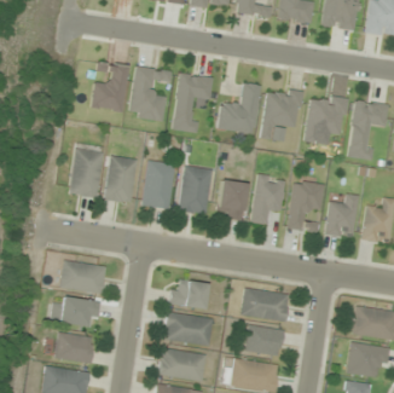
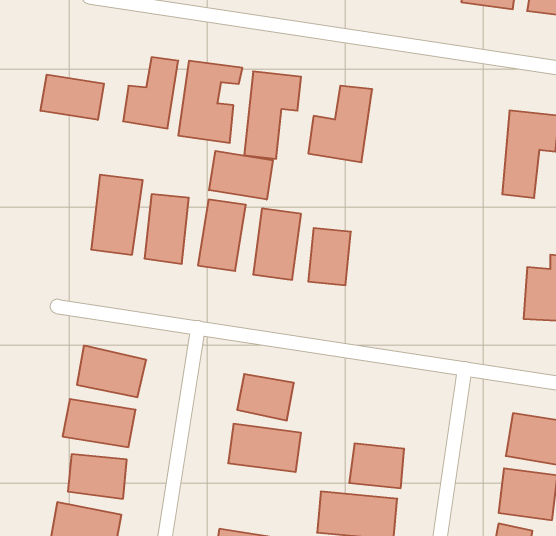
building: none -> [41,75,104,120]
building: [261,87,302,138] -> none
building: [306,94,348,141] -> none
building: none -> [209,151,273,200]
building: [253,174,284,224] -> none
building: [288,179,324,231] -> none
building: [325,192,360,238] -> none
building: [241,288,289,320] -> none
building: [160,347,207,381] -> none

